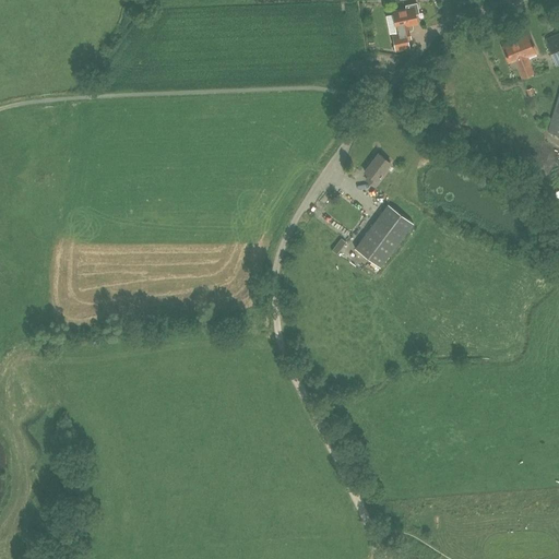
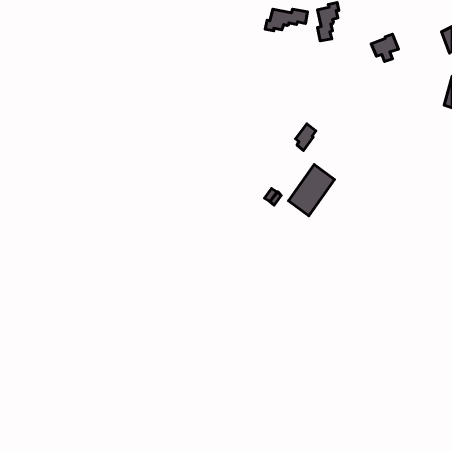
building: none -> [265,9,307,31]
building: [502,35,536,69] -> [371,34,399,62]

